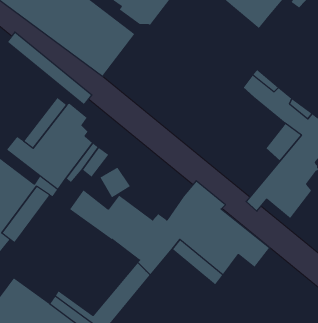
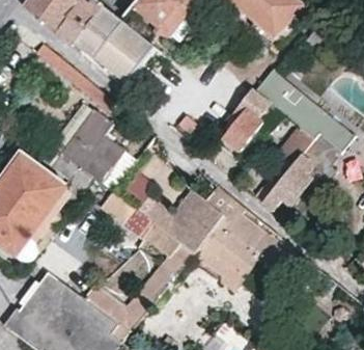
building: none -> [223,89,268,151]

